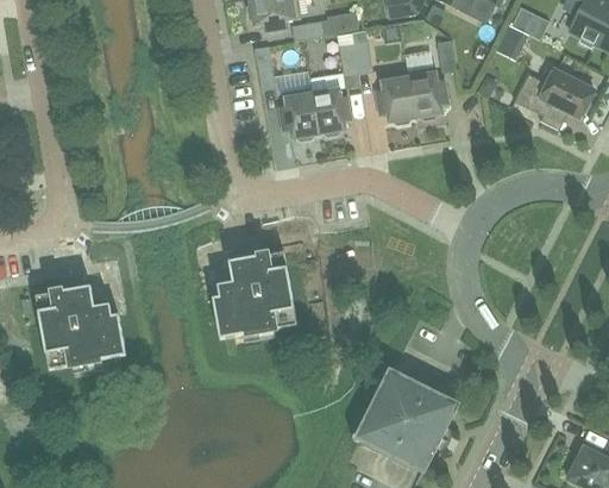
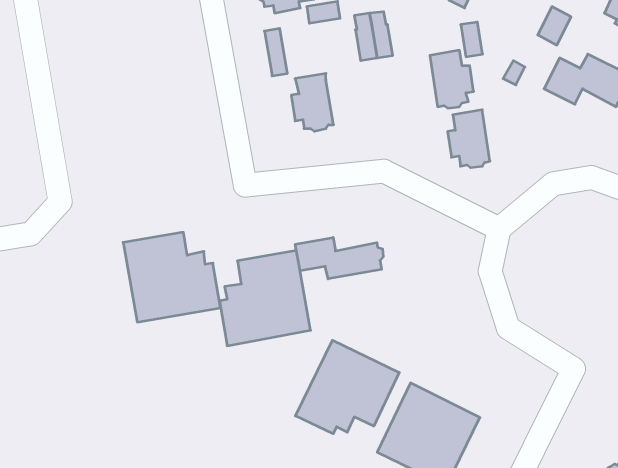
building: [375,69,414,123] -> [448,110,490,168]
building: [310,87,351,134] -> none
building: none -> [295,237,383,279]
building: [34,284,125,368] -> [123,232,221,322]
building: none -> [295,340,399,434]

